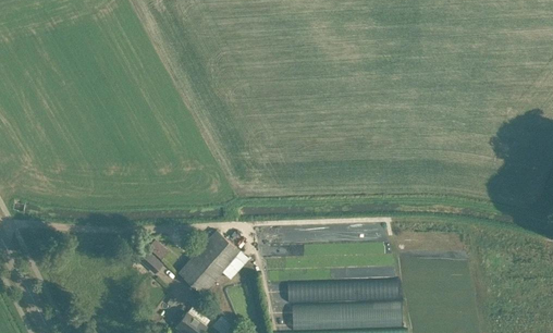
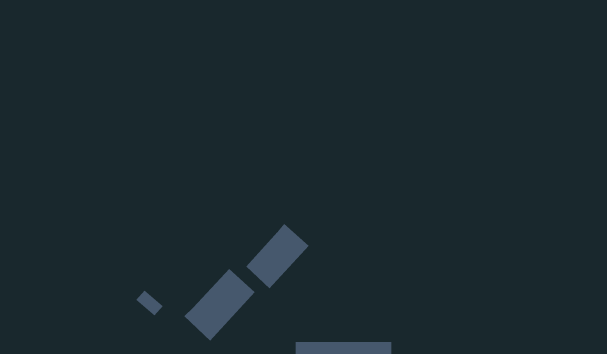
building: none -> [245,223,309,289]

